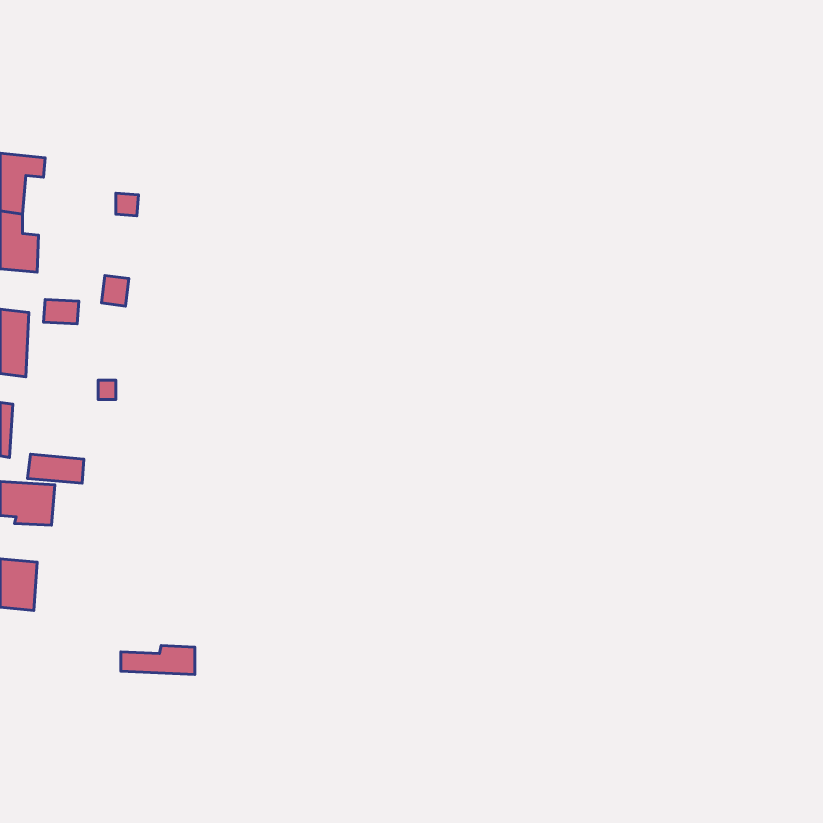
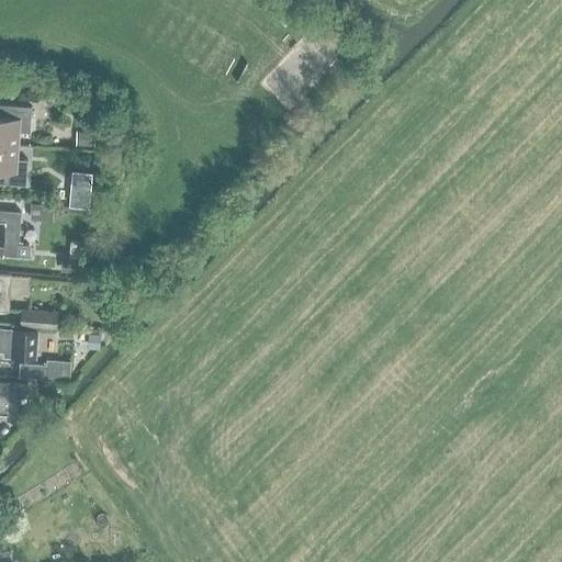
building: [121,645,195,674] -> [19,360,69,380]

